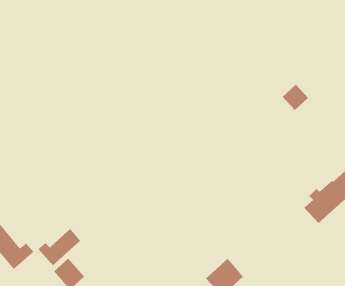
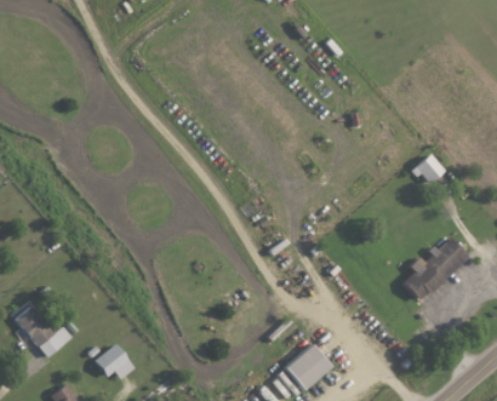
building: [282,84,309,111] -> [411,153,444,185]
building: [38,228,81,266] -> none

